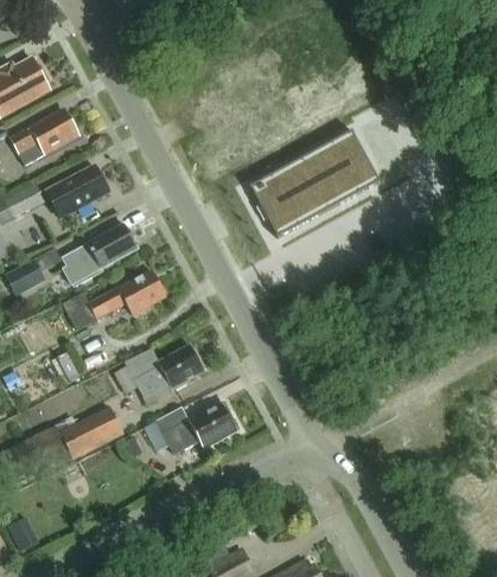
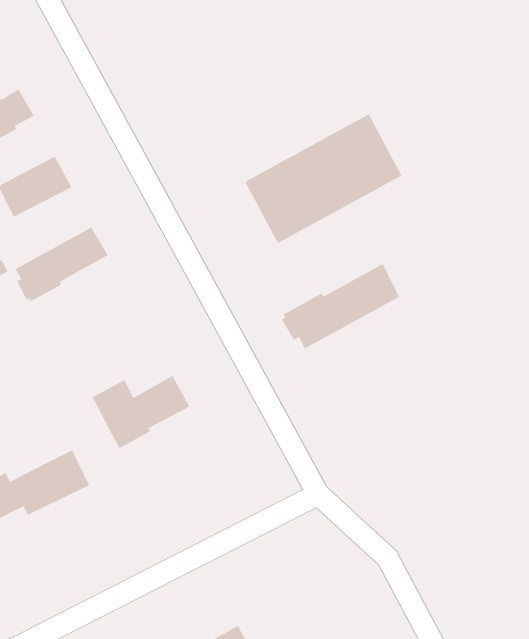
building: none -> [281,263,400,349]
building: [62,270,166,329] -> none
building: [144,402,238,455] -> none

